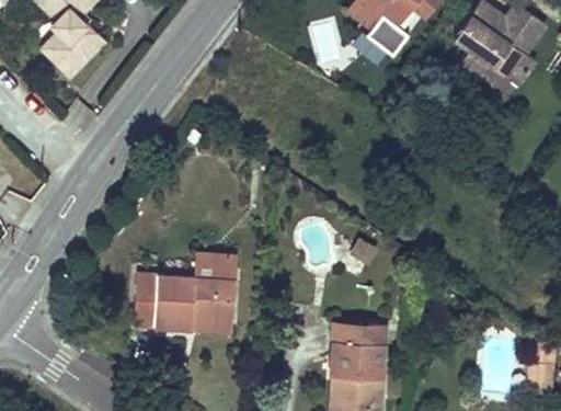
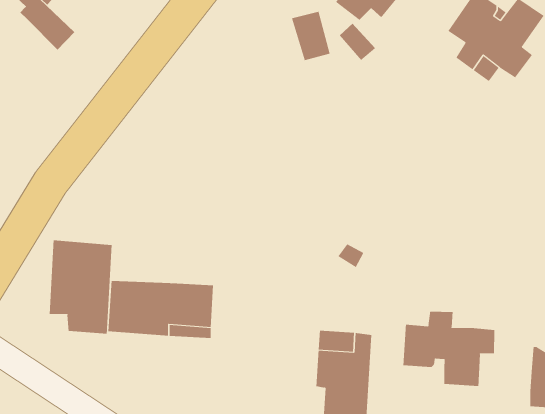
building: [41,28,87,75] -> none
building: none -> [49,240,112,335]
building: [194,254,236,281] -> none
building: none -> [403,311,495,387]

